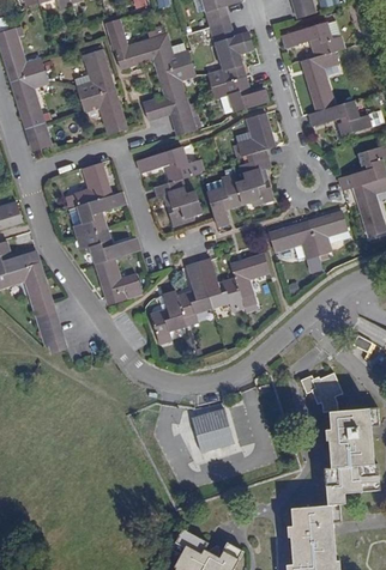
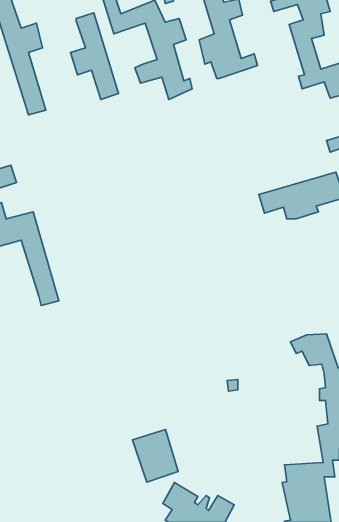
building: [204,111,275,225] -> none
building: [137,146,205,225] -> none
building: [65,160,143,305] -> none
building: [150,253,267,342] -> none
building: [189,407,236,461] -> [133,429,178,482]

